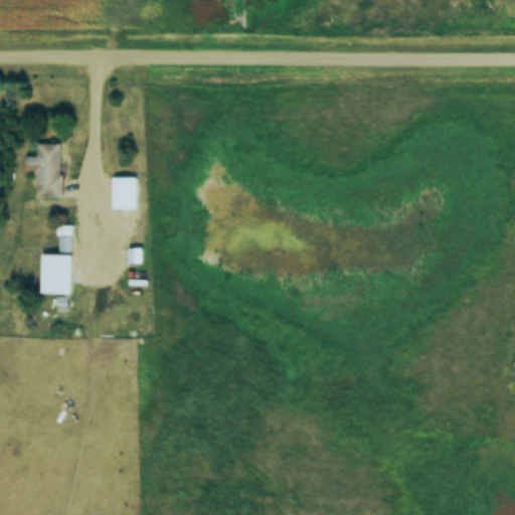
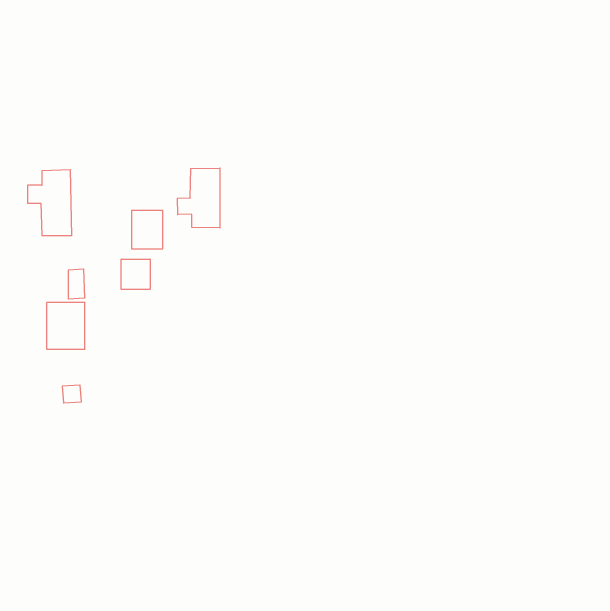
building: none -> [177,168,220,228]
building: none -> [121,259,150,289]

